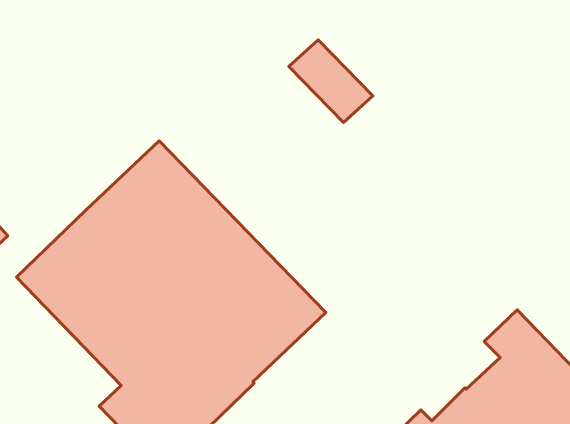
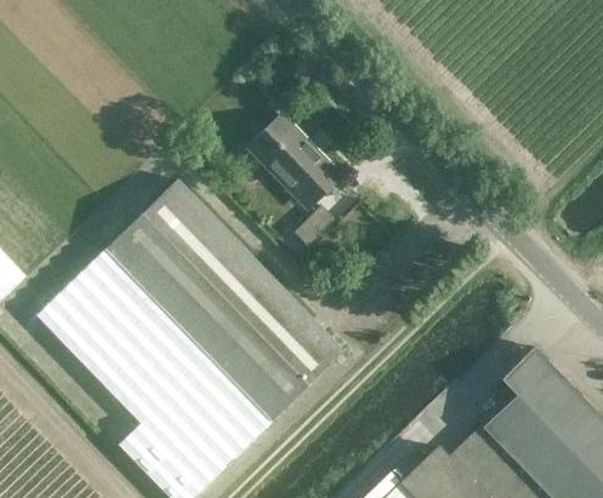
building: [289,40,373,123] -> [252,120,336,202]
building: none -> [294,205,335,246]

